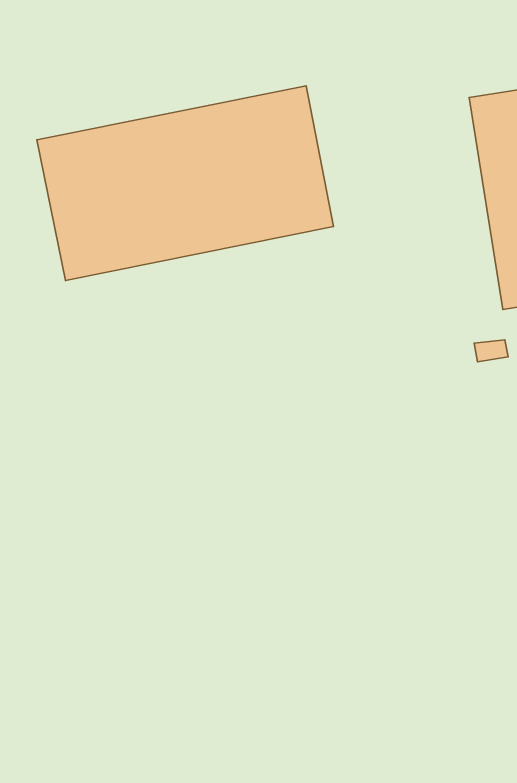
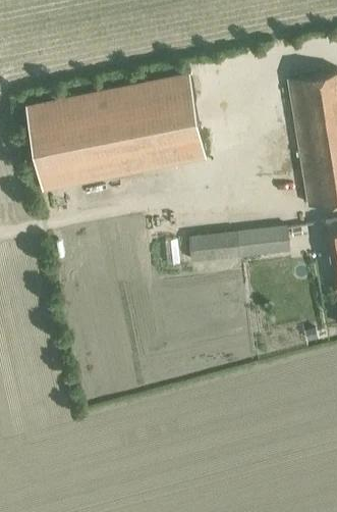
building: none -> [188,228,288,263]

